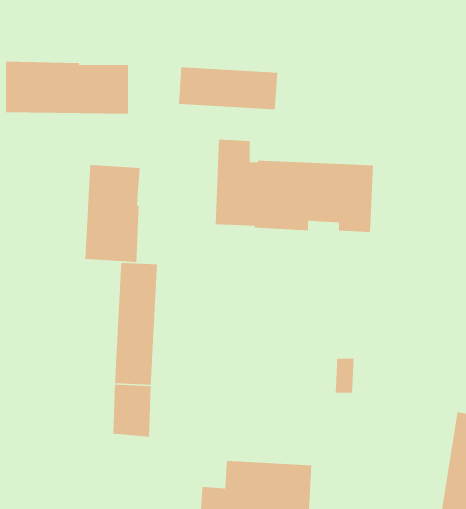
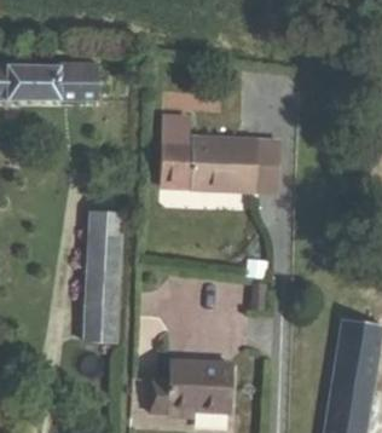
building: [178,66,278,110] -> none
building: [85,164,141,263] -> none

